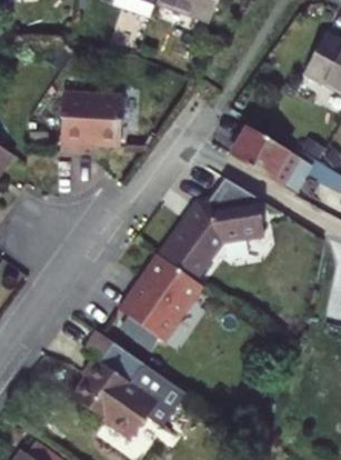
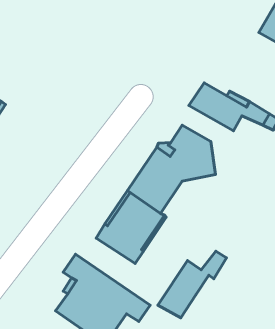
building: [59,93,121,154] -> none
building: none -> [158,251,227,318]

